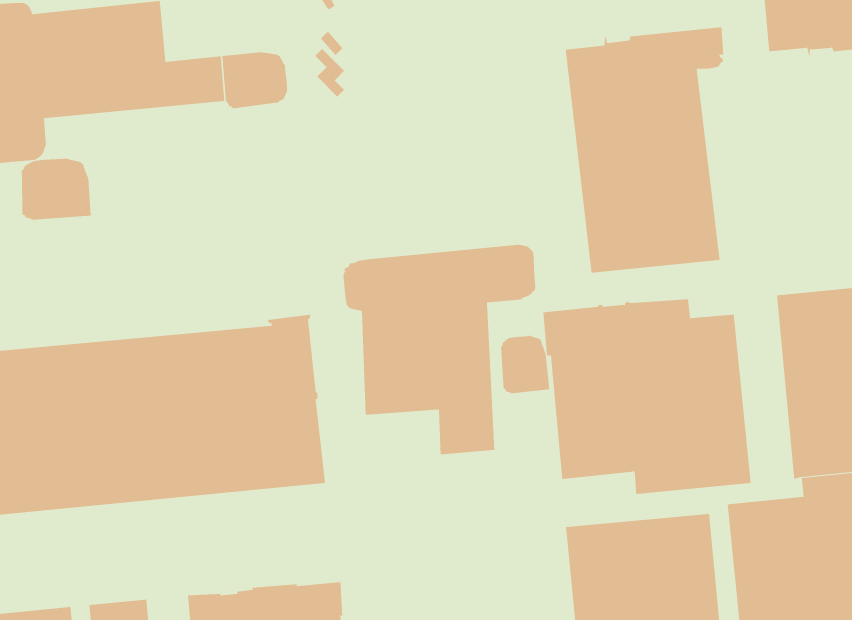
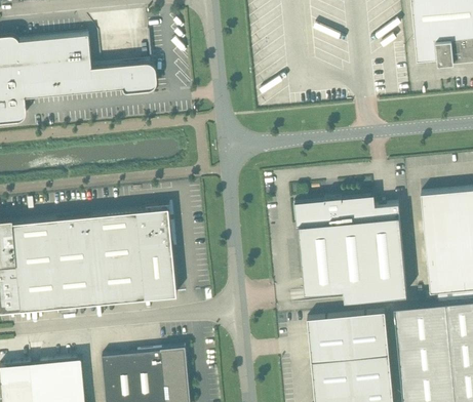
building: [565,27,724,274] -> none
building: [21,158,91,220] -> none
building: [343,244,536,455] -> none
building: [500,335,550,394] -> none

